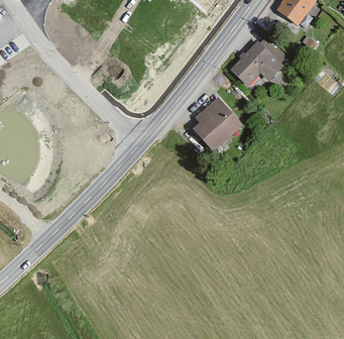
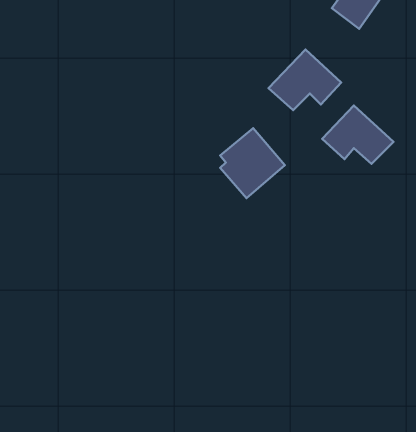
building: none -> [322,106,393,164]

